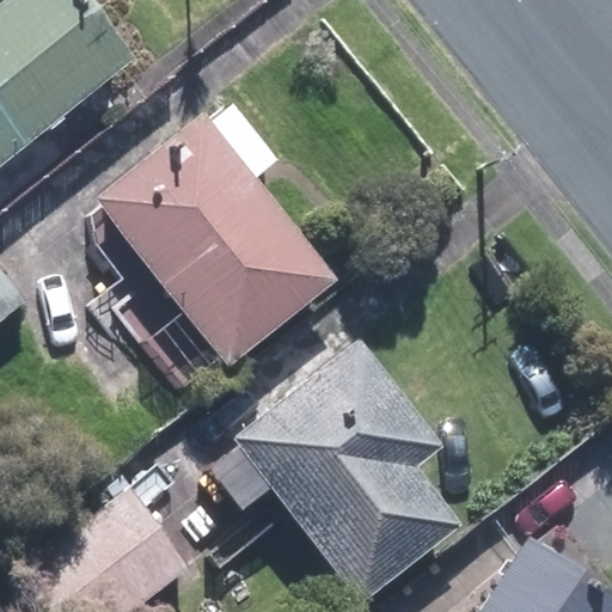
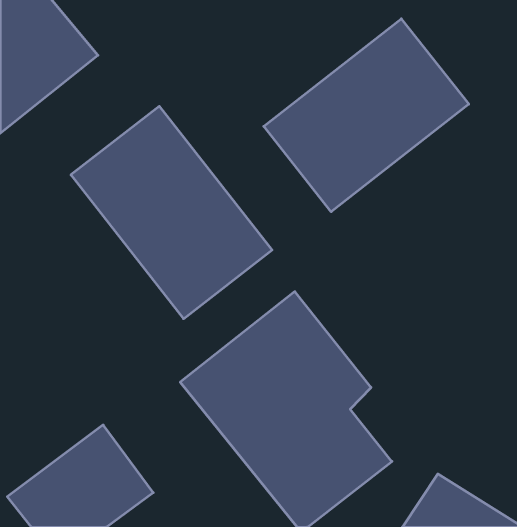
building: none -> [264,19,469,212]

